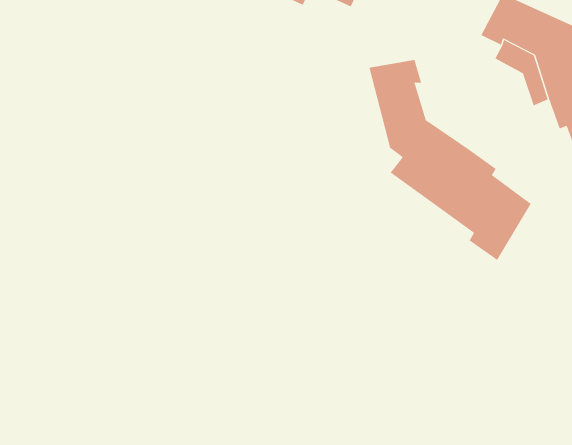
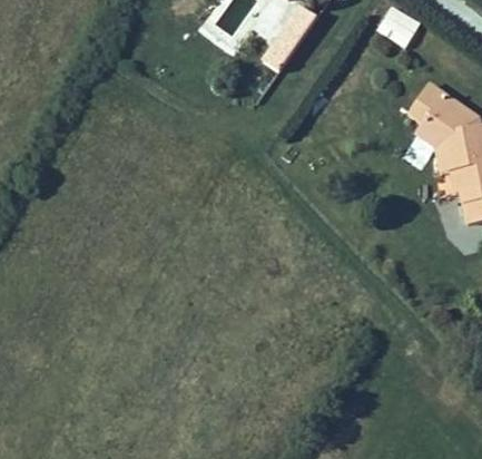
building: [369,59,531,261] -> none

